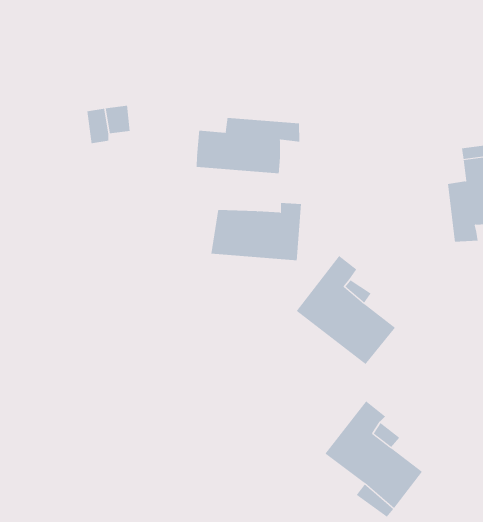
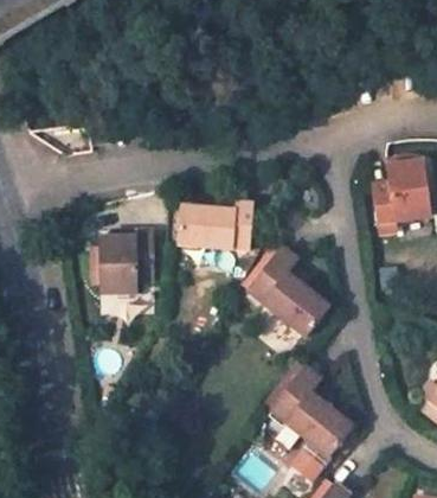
building: [196,117,300,174] -> none
building: none -> [98,230,153,294]

